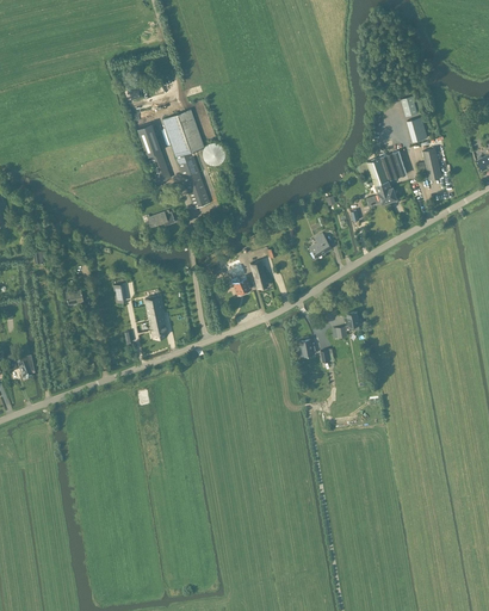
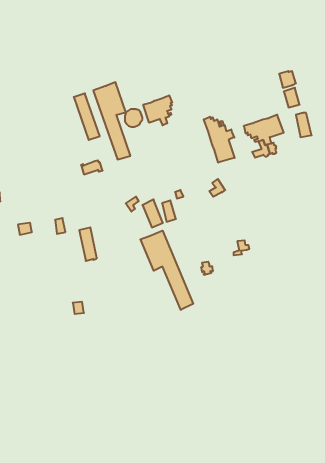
building: none -> [143,95,172,125]
building: none -> [204,117,235,163]
building: none -> [140,231,193,310]

